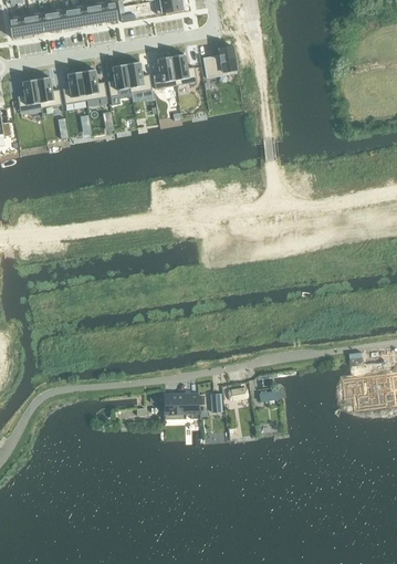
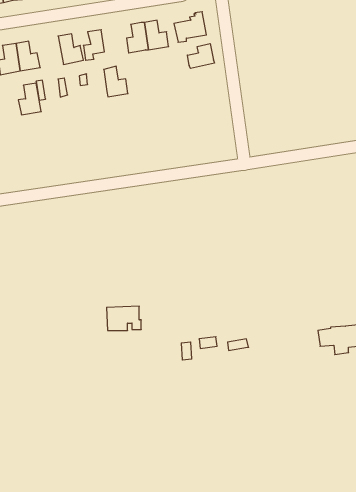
building: [126,61,152,93] -> [104,66,128,97]
building: [62,71,86,104] -> [18,83,41,115]
building: none -> [187,44,214,68]
building: [164,393,200,418] -> [107,306,141,330]

